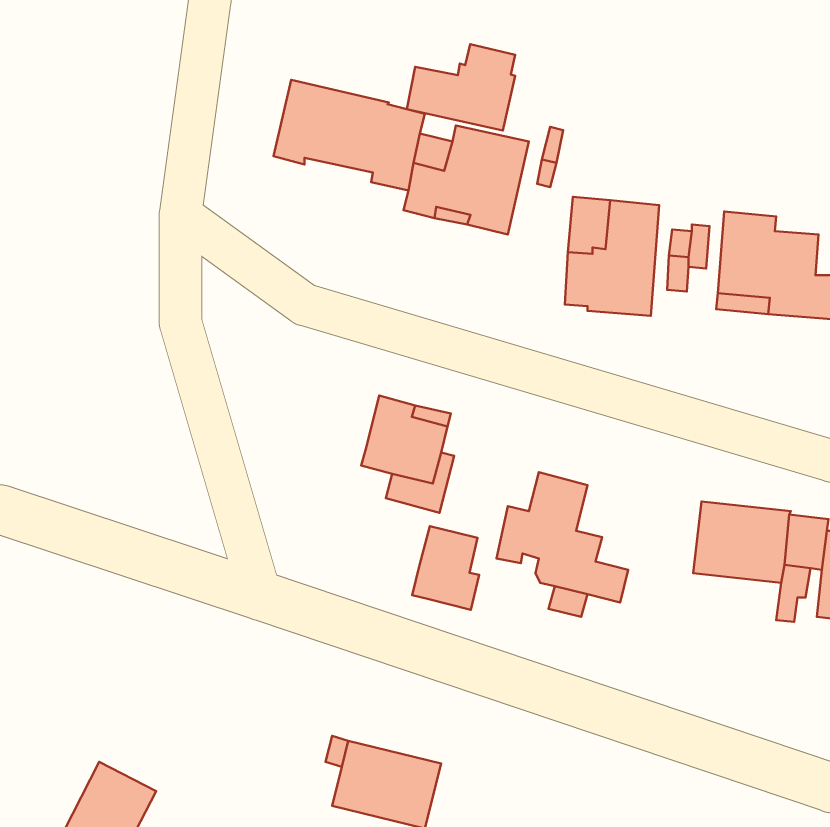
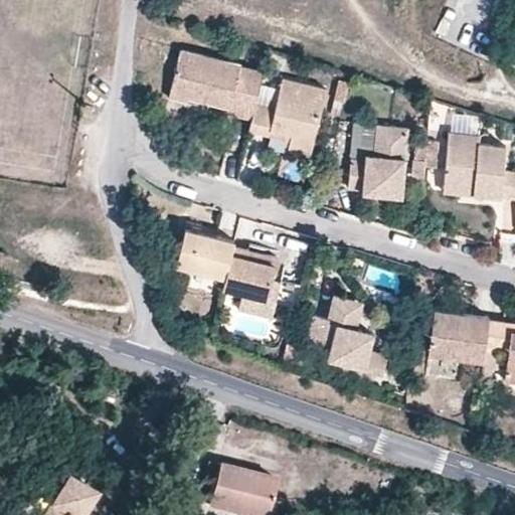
building: [407,44,515,131] -> none
building: none -> [177,231,236,280]
building: [412,526,479,610] -> none

